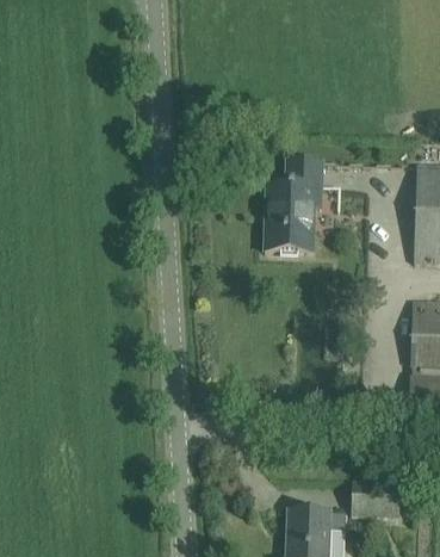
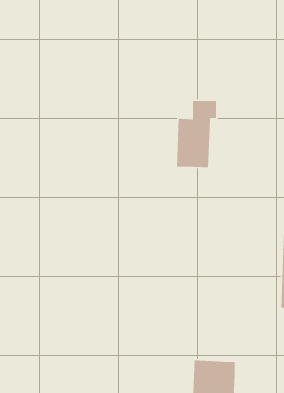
building: [354,479,402,514] -> none

